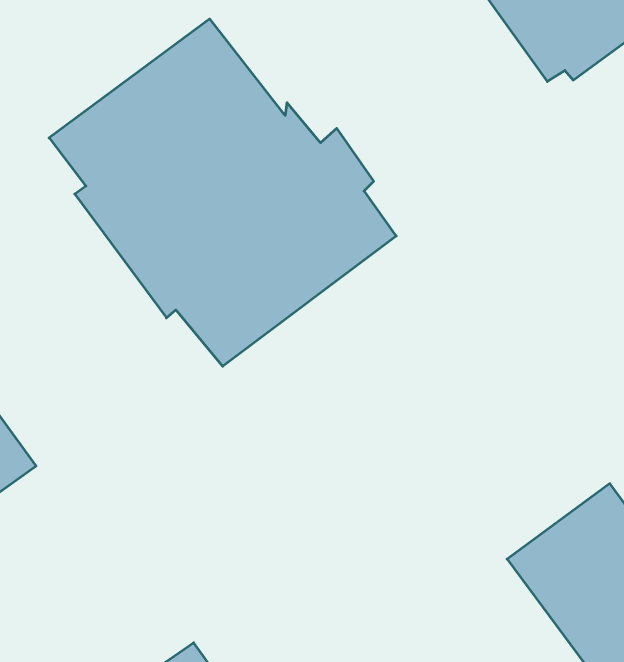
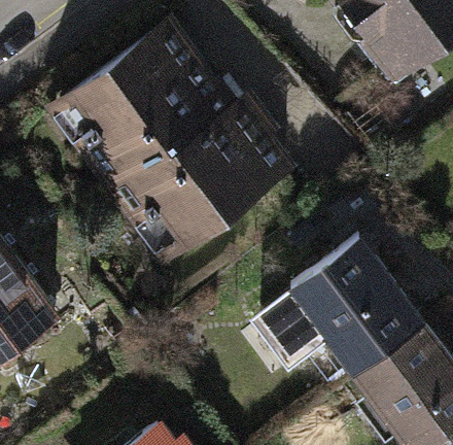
building: none -> [267,239,425,375]

